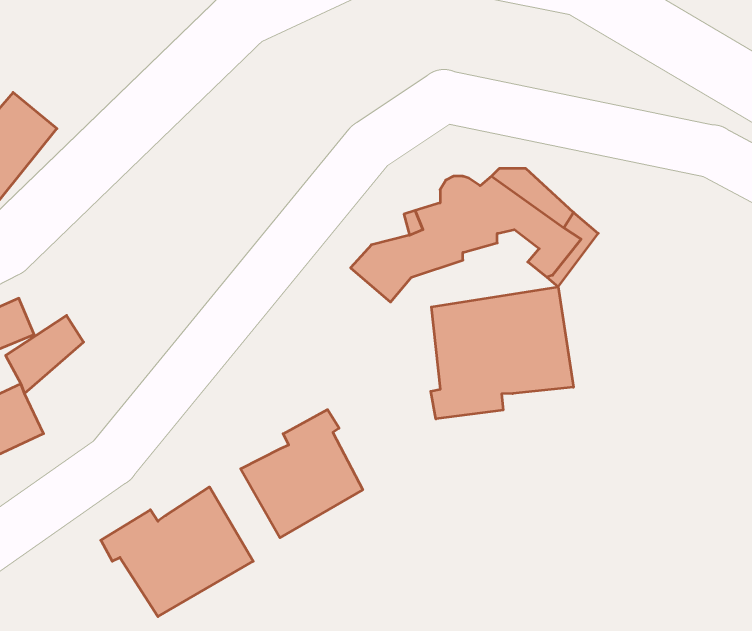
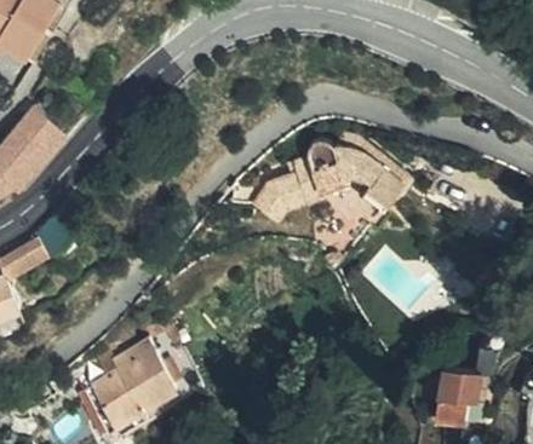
building: [431,287,573,419] -> none
building: [241,410,363,538] -> none
building: none -> [431,362,475,419]

